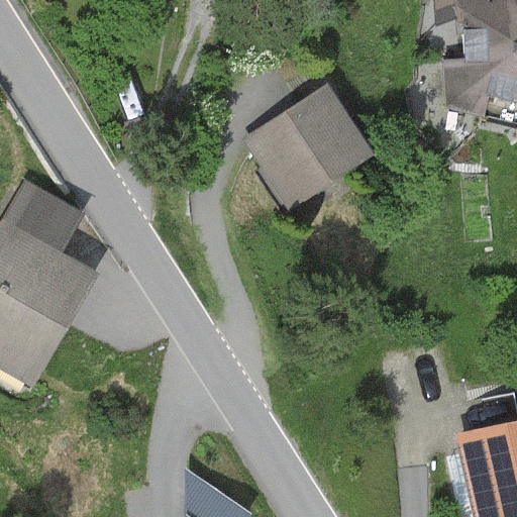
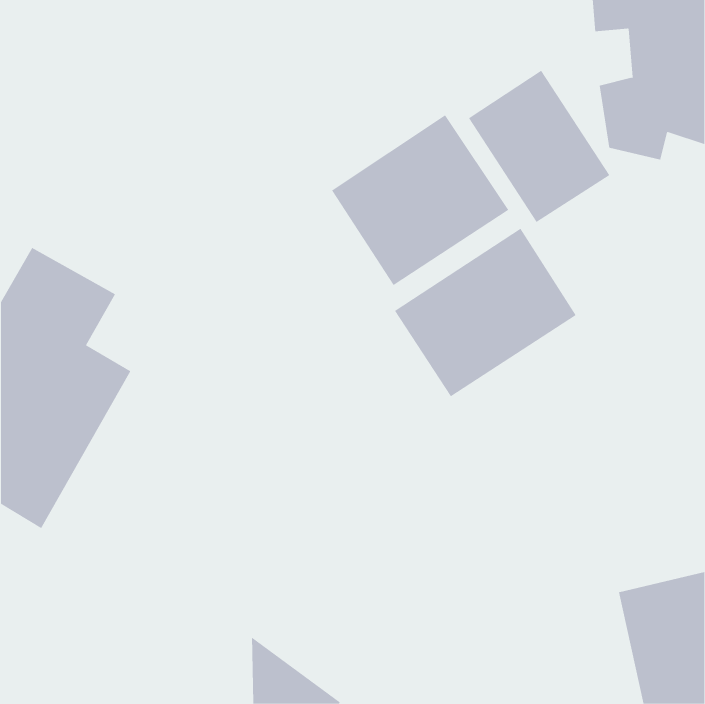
building: none -> [468,70,610,223]
building: none -> [394,228,577,397]

